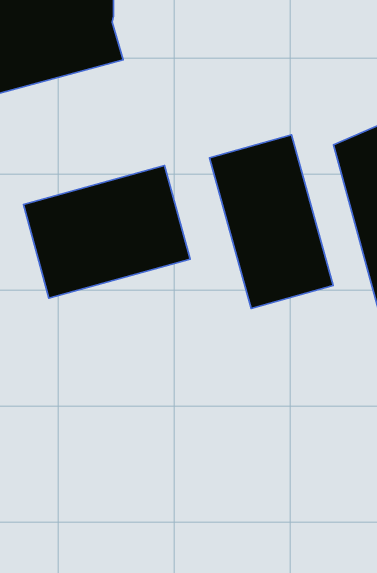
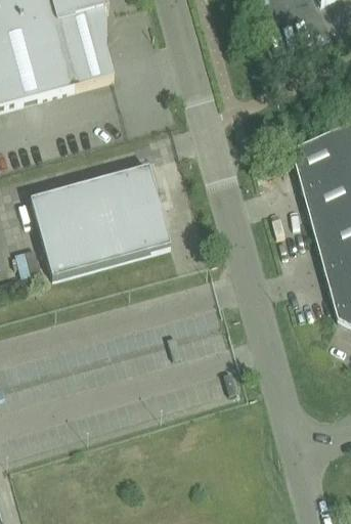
building: [209,135,333,308] -> none

